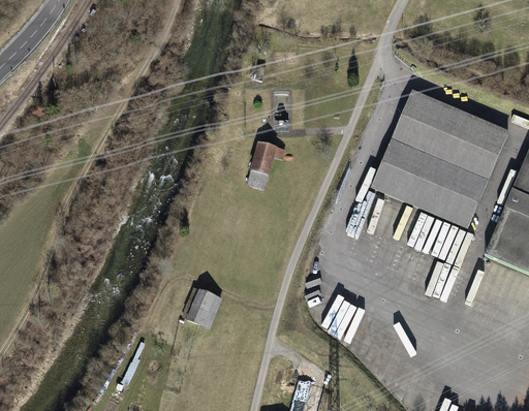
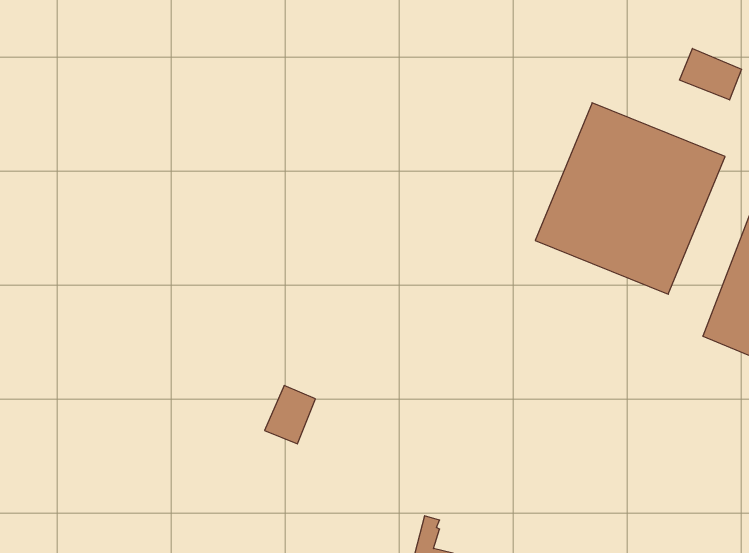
building: none -> [679,48,742,100]
building: [251,140,278,175] -> none

